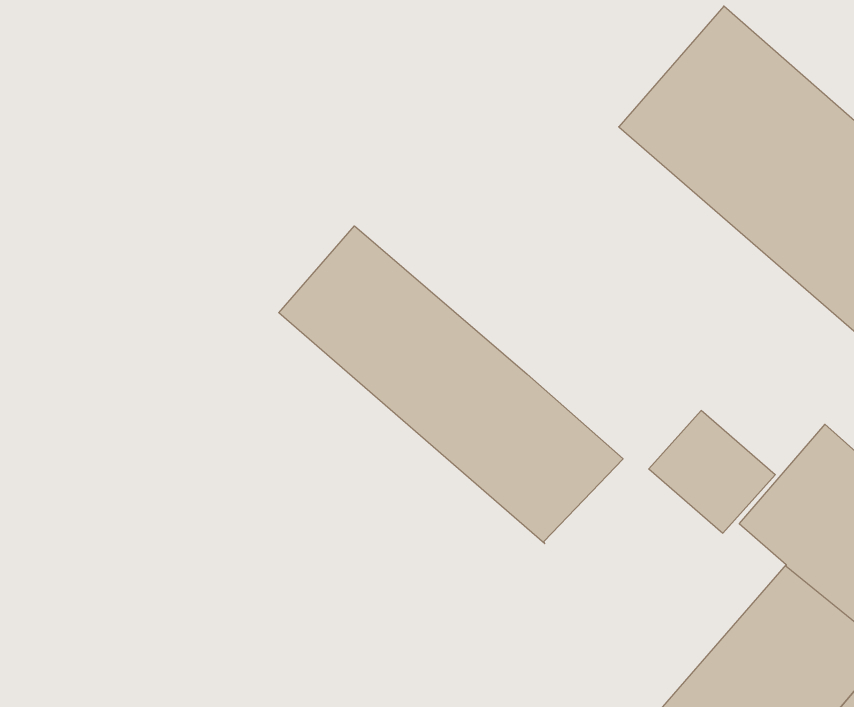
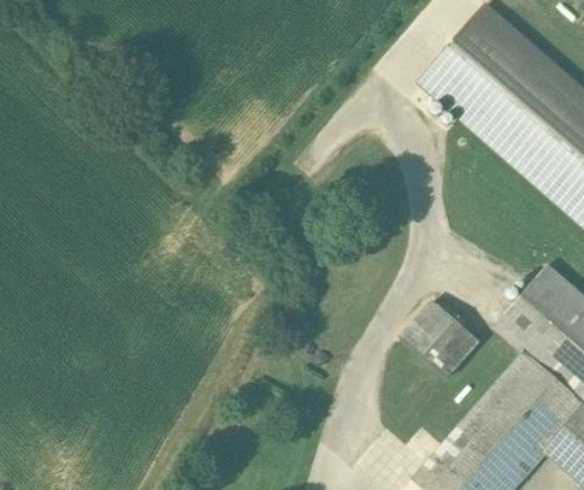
building: [279,226,623,544] -> none
building: [649,411,775,533] -> [401,301,479,377]

